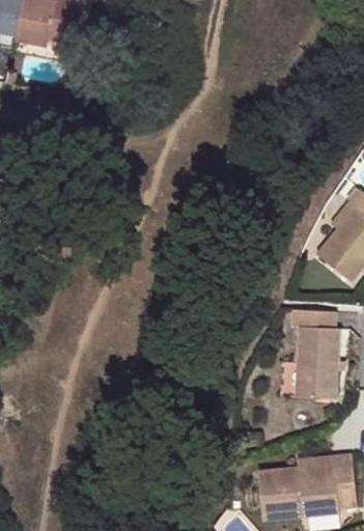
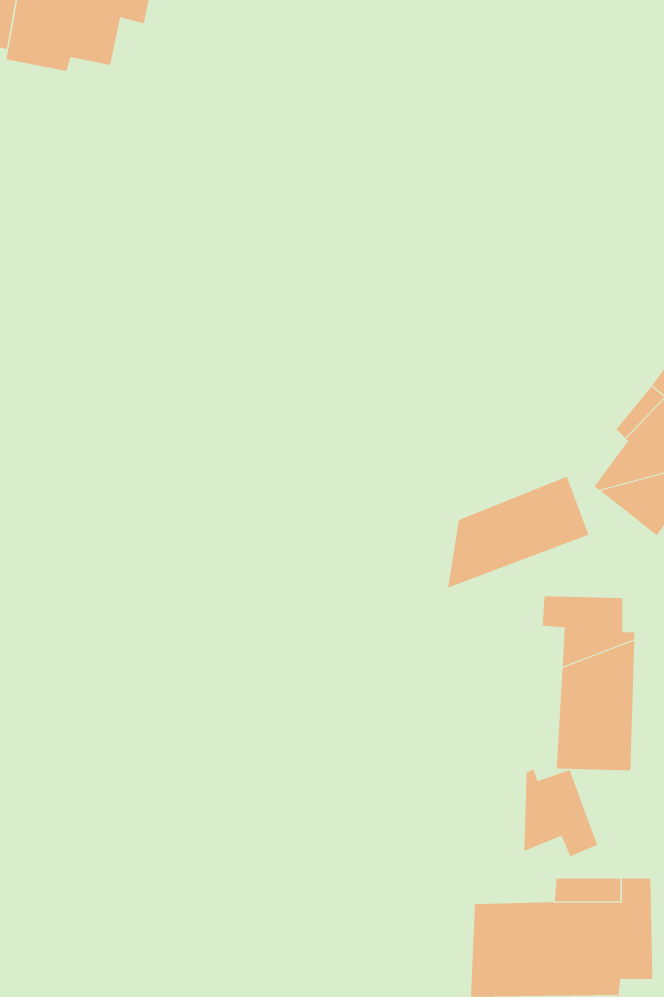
building: none -> [448,476,589,589]
building: none -> [524,769,598,857]

